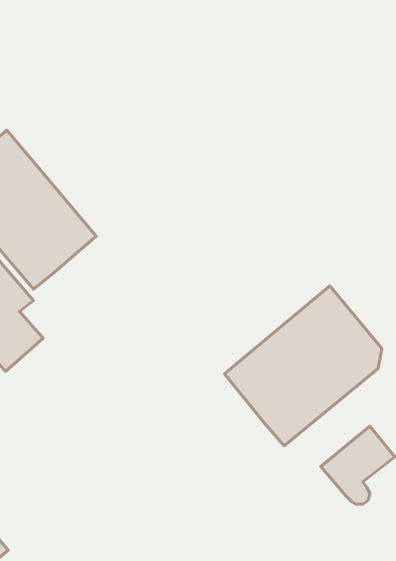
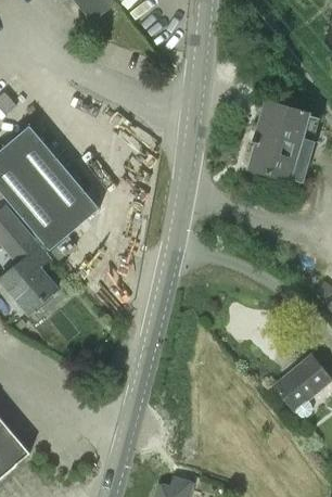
building: none -> [247,103,318,182]
building: [225,286,382,446] -> none

